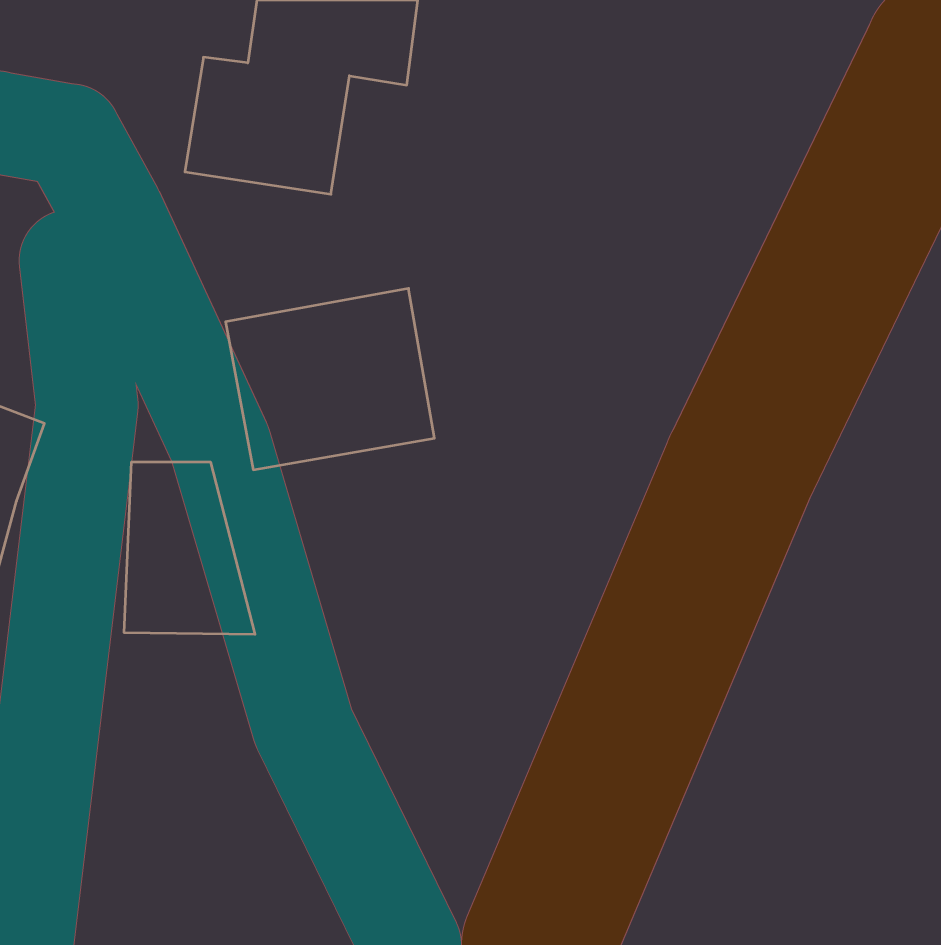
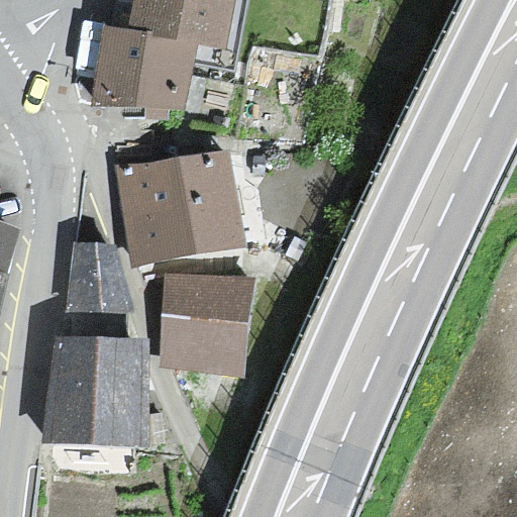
building: none -> [168,287,243,373]
building: none -> [50,345,139,445]

